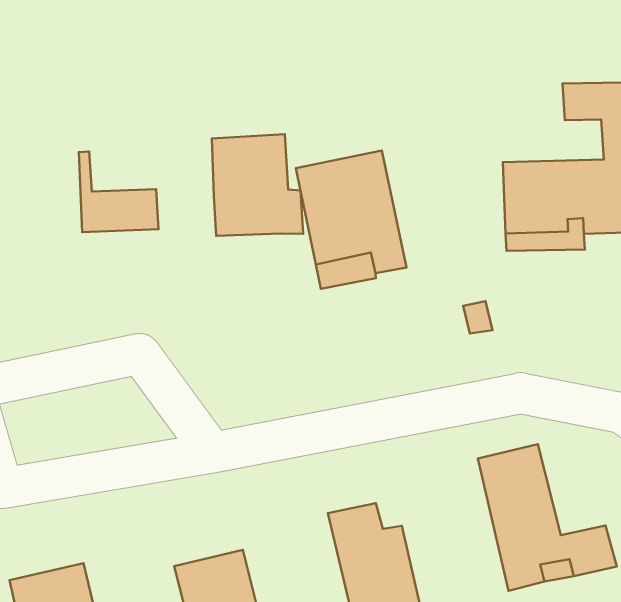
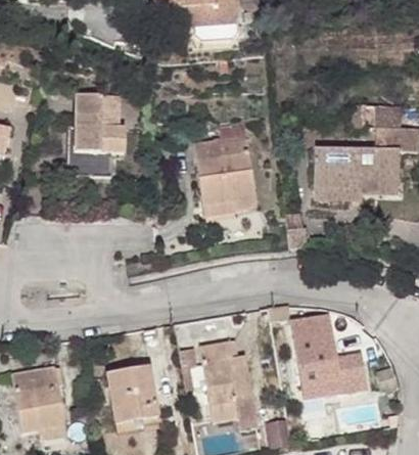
building: [212,134,303,236] -> [75,92,126,151]

